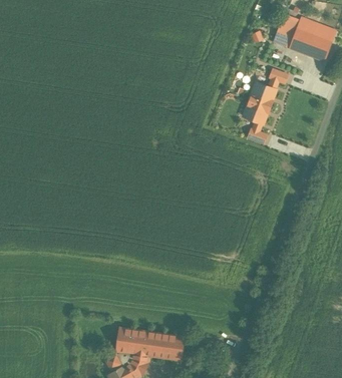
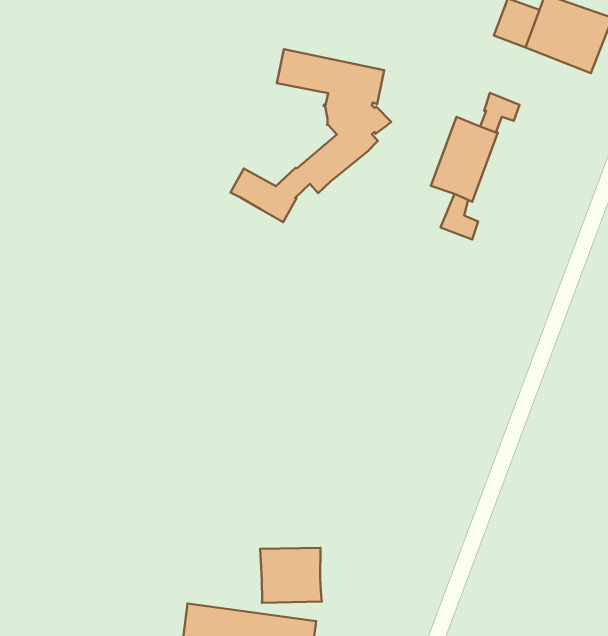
building: none -> [231,49,391,222]
building: none -> [260,548,322,603]

